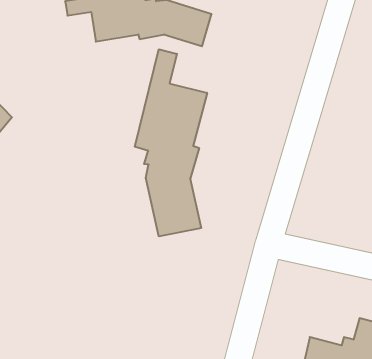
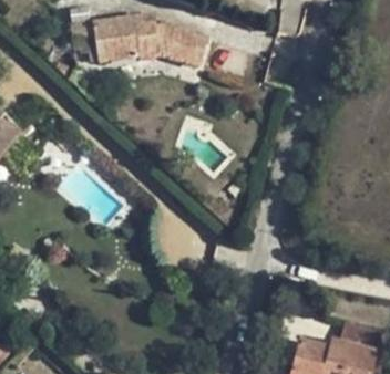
building: [135,49,207,236] -> none

